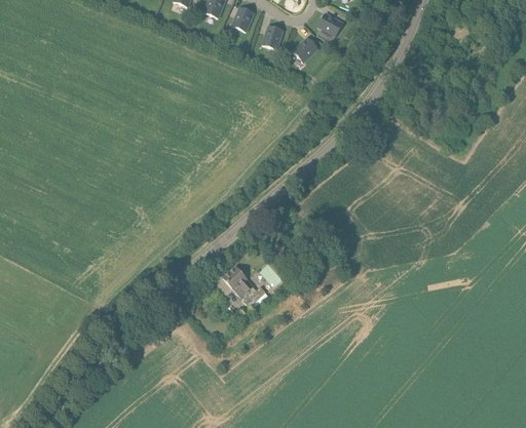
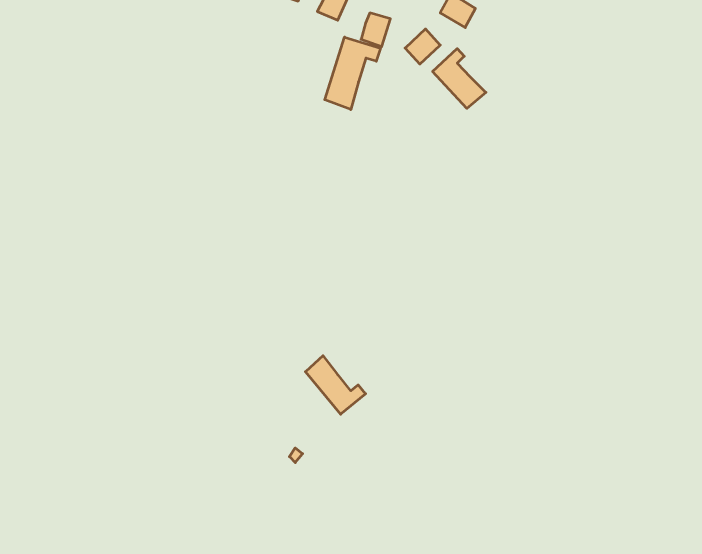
building: none -> [325,37,380,110]
building: none -> [433,49,486,108]

